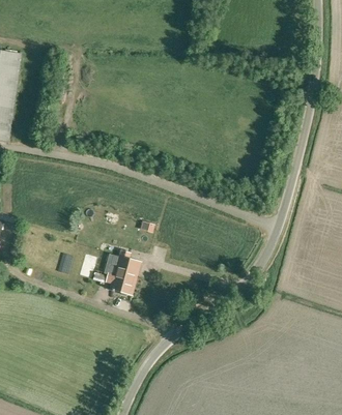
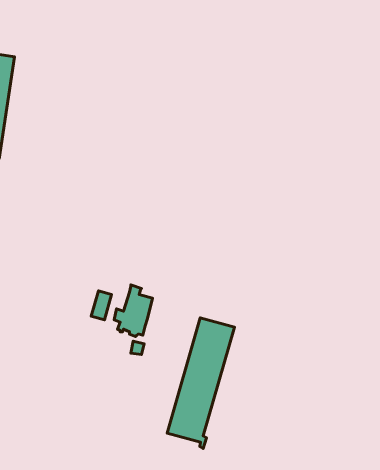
building: none -> [167,318,234,448]

